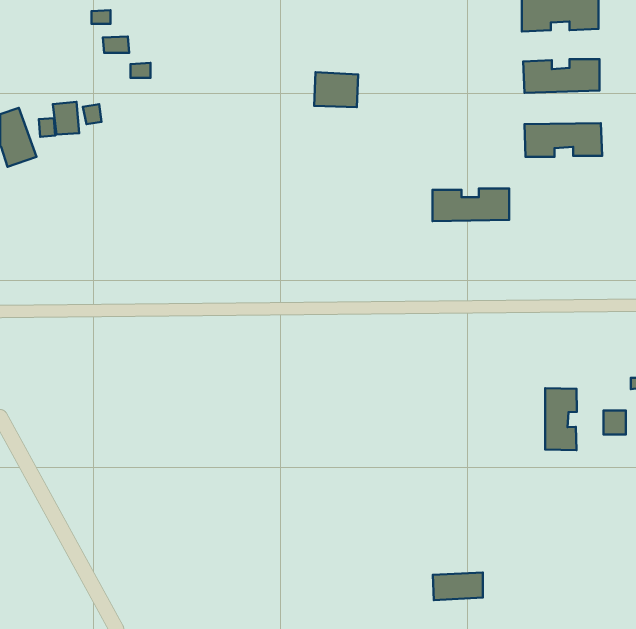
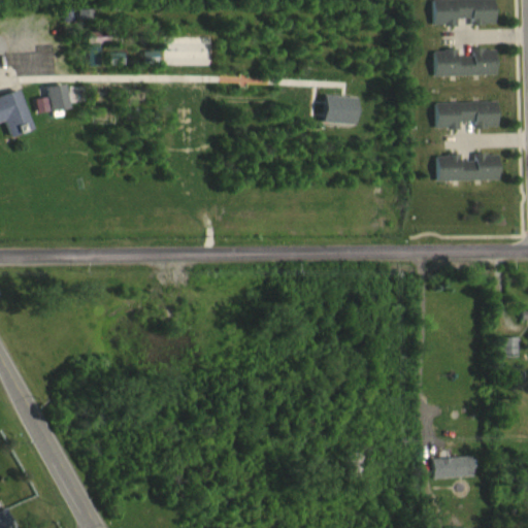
building: [314,72,358,107] -> [323,95,359,124]
building: [432,189,509,221] -> [437,154,500,180]
building: [545,388,577,450] -> none
building: [433,572,483,600] -> [433,456,474,478]

